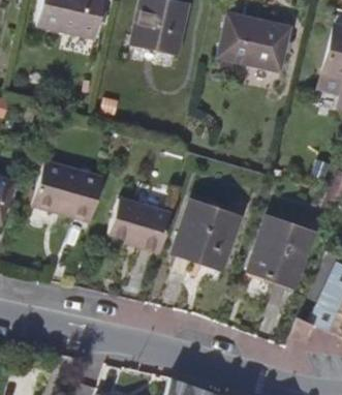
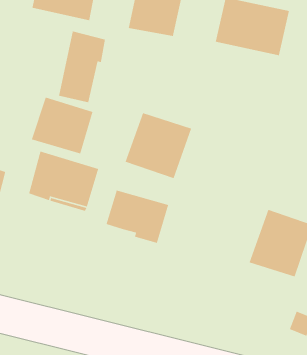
building: none -> [58,30,106,103]
building: none -> [31,97,93,154]
building: [175,203,241,268] -> [124,112,192,179]

